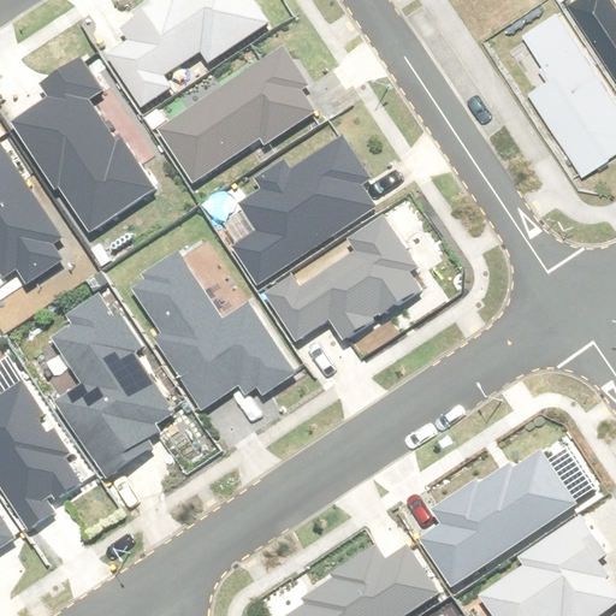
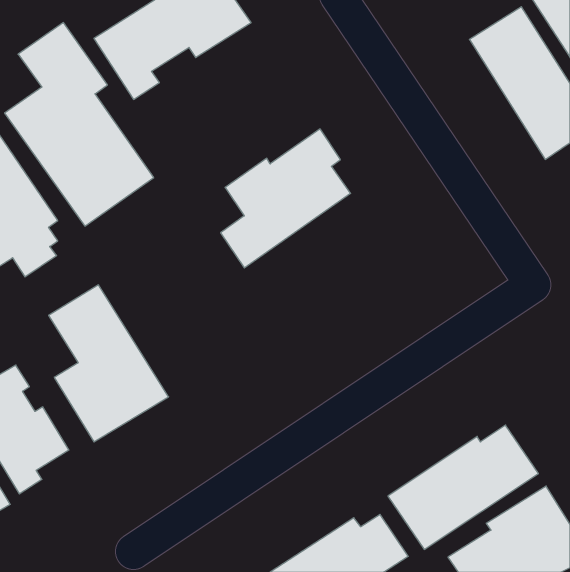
building: [153,46,315,183] -> none
building: [271,220,421,343] -> none
building: [131,257,292,409] -> none

